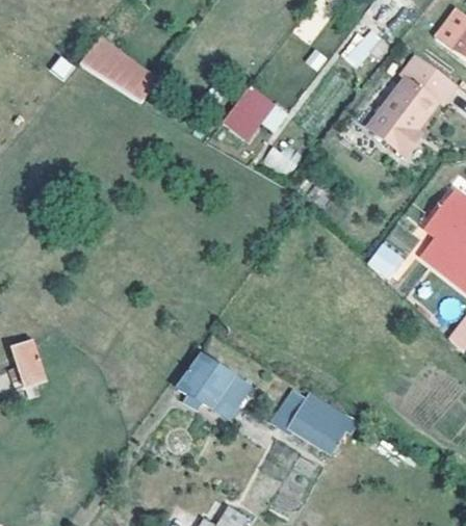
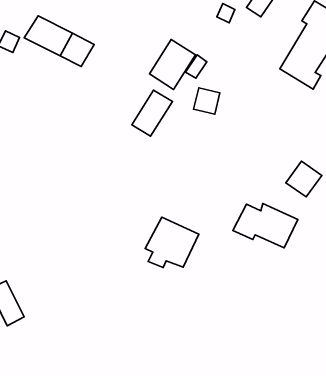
building: none -> [132,90,172,136]
building: [177,354,240,415] -> [145,217,199,267]
building: [269,393,345,448] -> [233,203,298,248]

